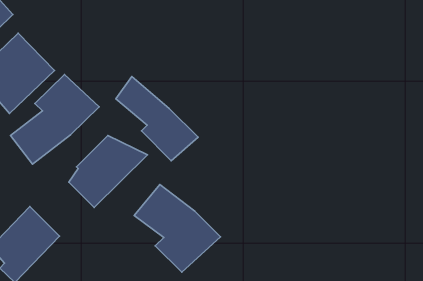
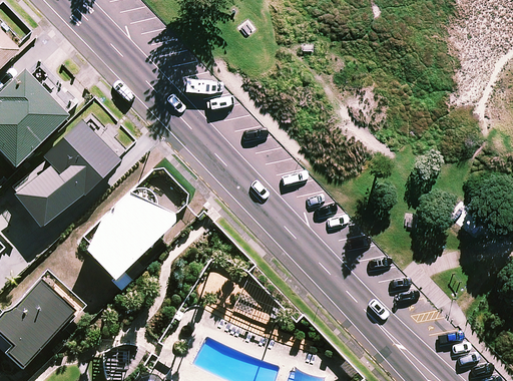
building: [116,77,198,161] -> none
building: [134,184,220,272] -> none

